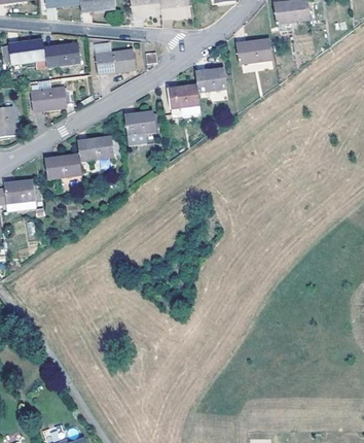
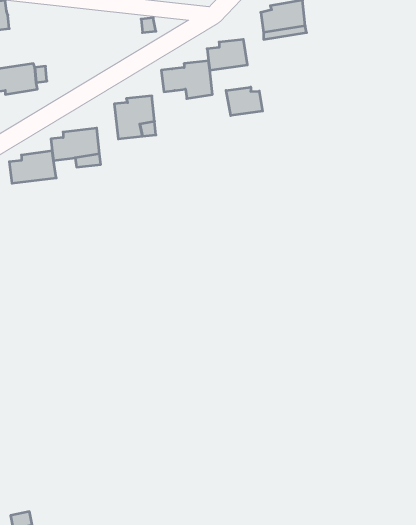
building: [44,42,80,68] -> none
building: [95,48,135,72] -> none
building: none -> [226,87,263,116]

